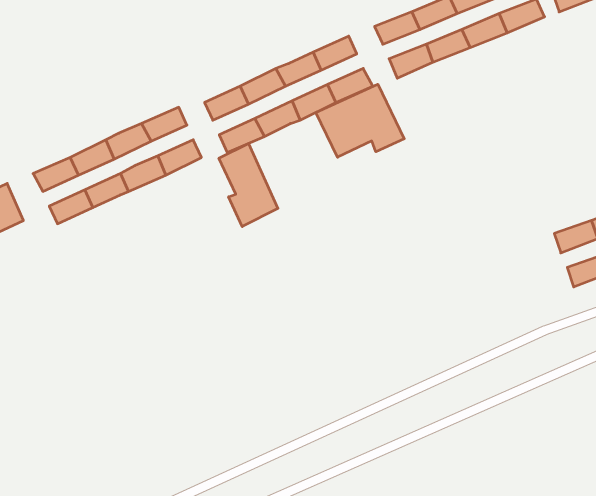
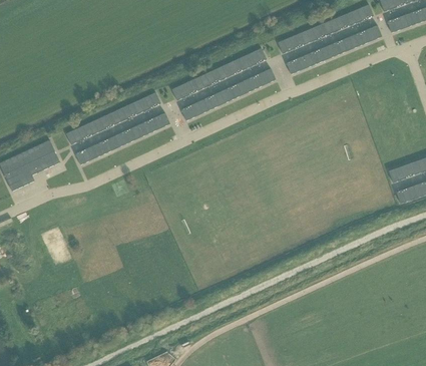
building: [316,84,404,157] -> none
building: [219,143,278,227] -> none

